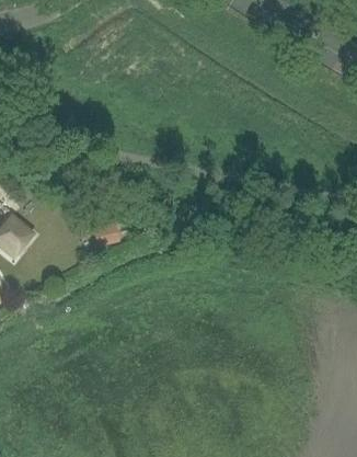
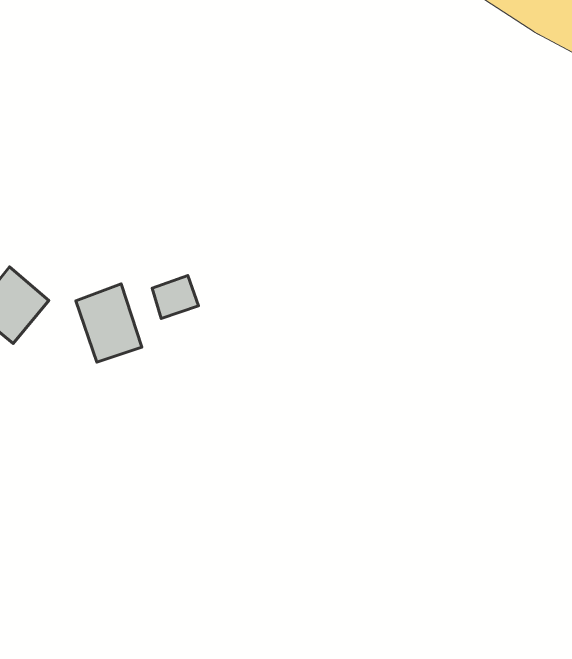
building: none -> [76,284,142,362]

